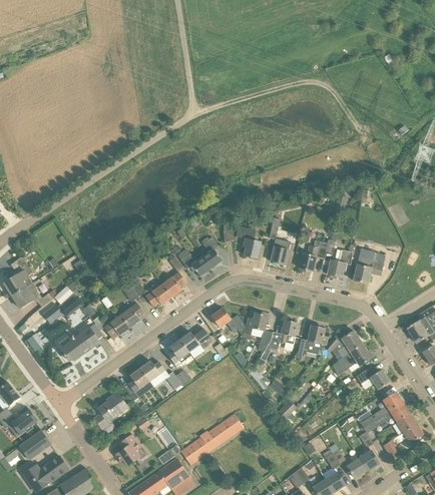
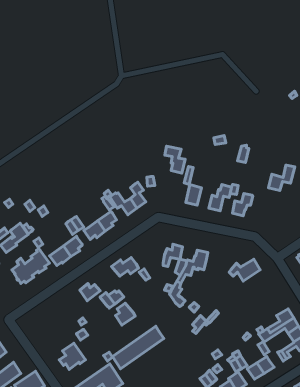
building: [236,225,261,259] -> [165,146,185,173]
building: [353,253,385,284] -> [269,165,295,190]
building: [211,308,245,336] -> none
building: [294,326,328,360] -> none
building: [167,340,191,367] -> [115,303,135,325]
building: [332,344,373,376] -> none
building: [353,367,390,390] -> none
building: [123,369,149,401] -> none
building: [94,393,128,429] -> none

